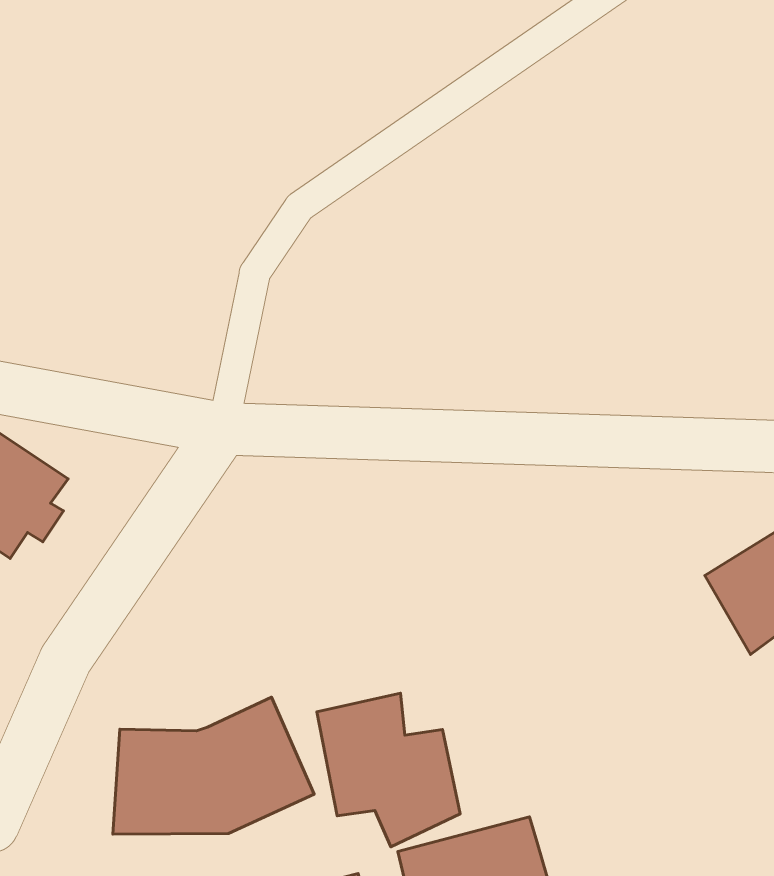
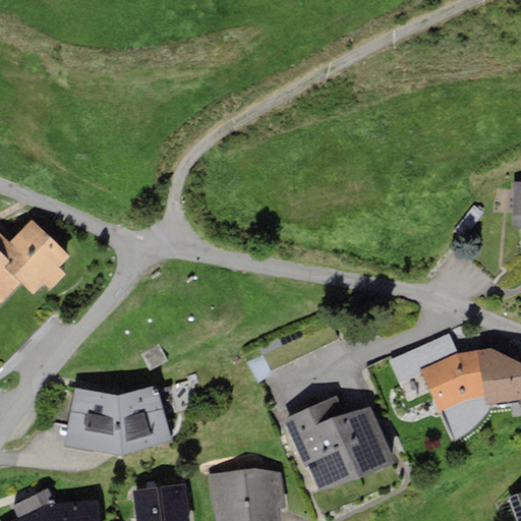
building: none -> [283,395,395,493]
building: [317,693,460,847] -> none

